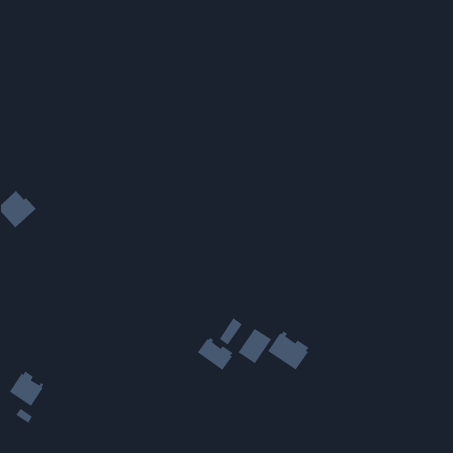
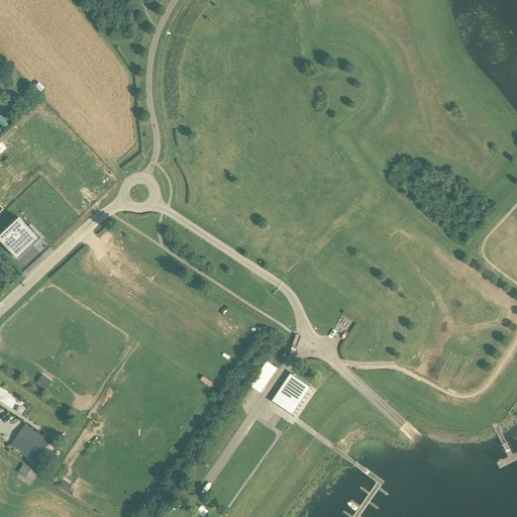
building: [267,331,310,371] -> none
building: [197,337,234,371] -> none

